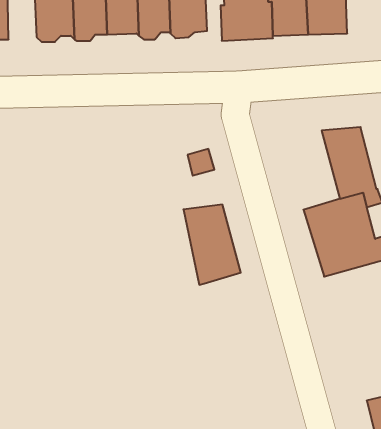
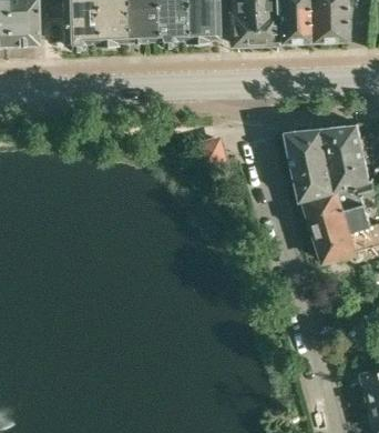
building: [183,205,241,285] -> [286,128,338,201]

